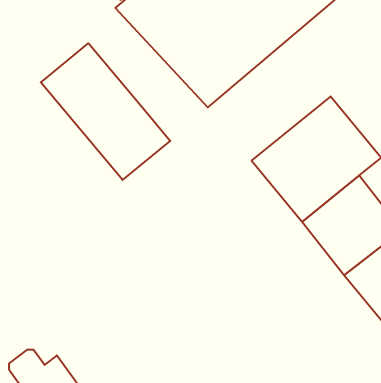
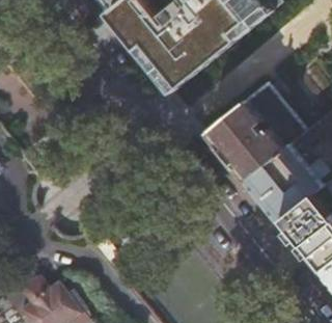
building: [41,43,170,180] -> none

